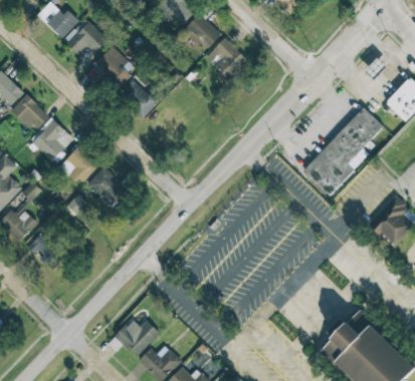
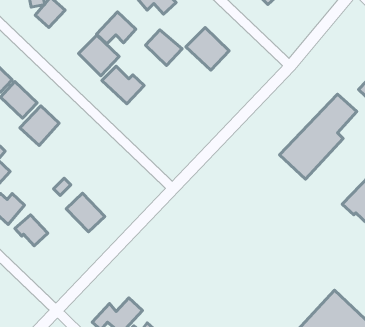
building: [183,14,221,51] -> [145,30,182,65]
building: [66,21,108,54] -> [96,12,136,44]
building: [59,145,99,184] -> none
building: [86,167,127,208] -> [66,193,105,232]

